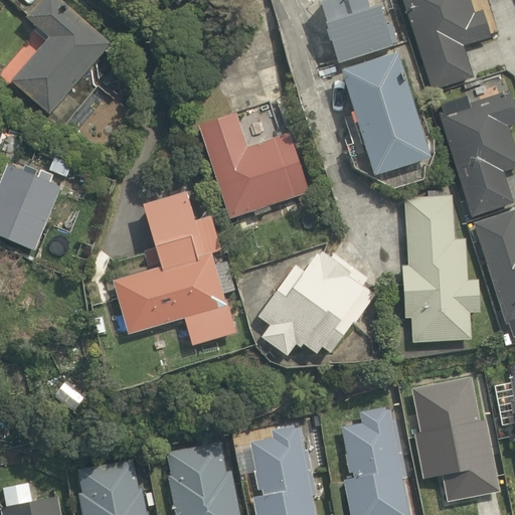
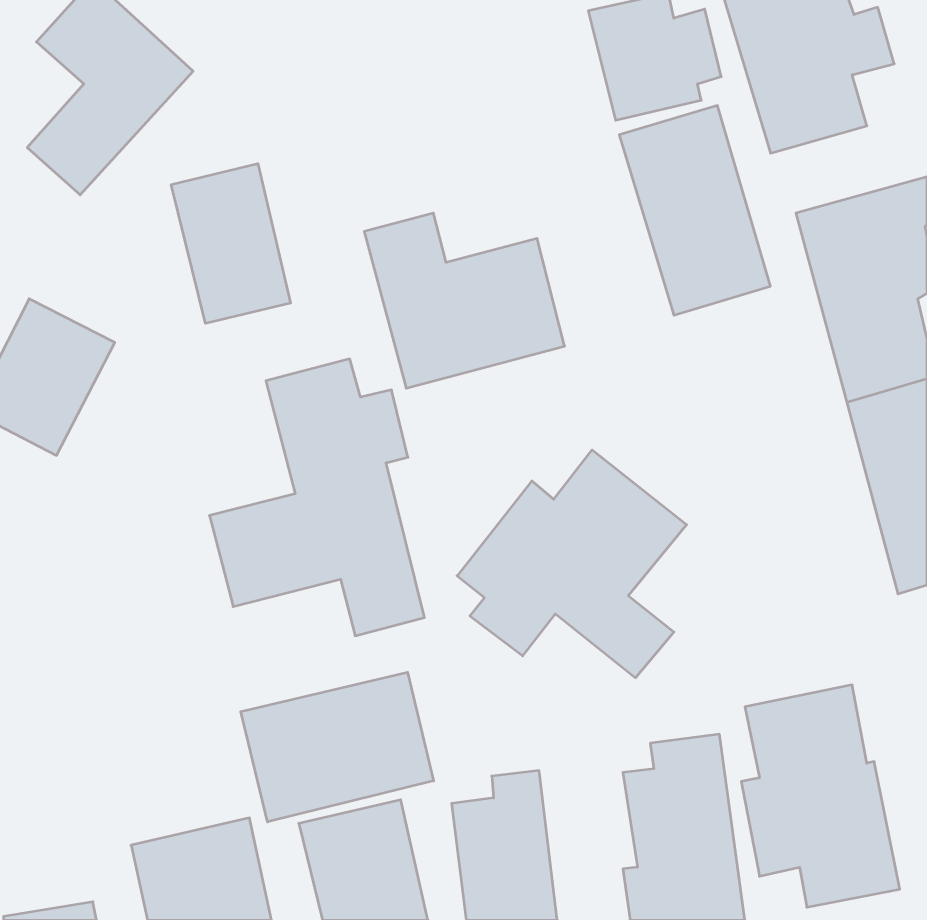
building: none -> [171,164,291,323]
building: [401,199,480,345] -> none
building: none -> [241,672,434,822]

